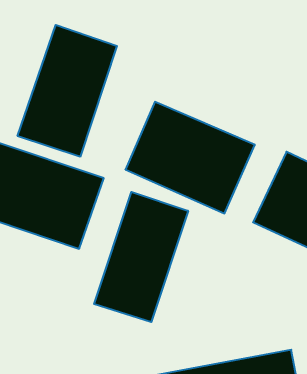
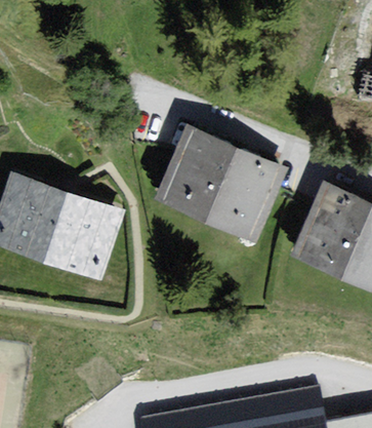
building: [18,25,117,157] -> none
building: [94,192,188,322] -> none

